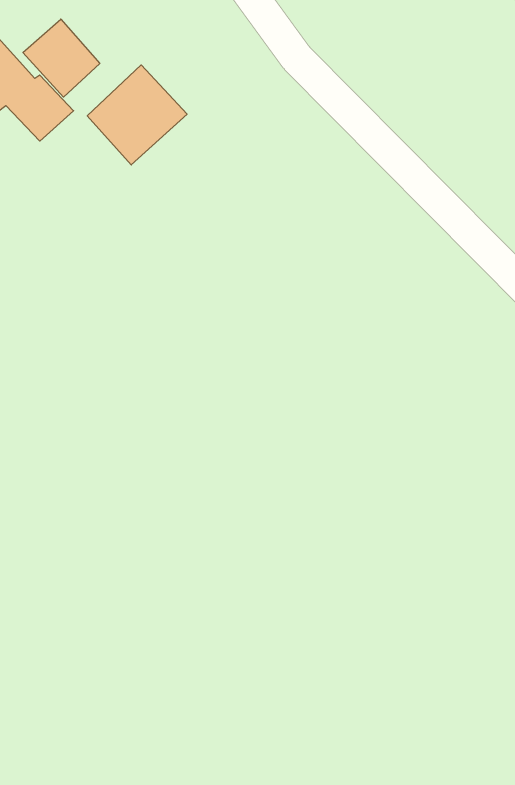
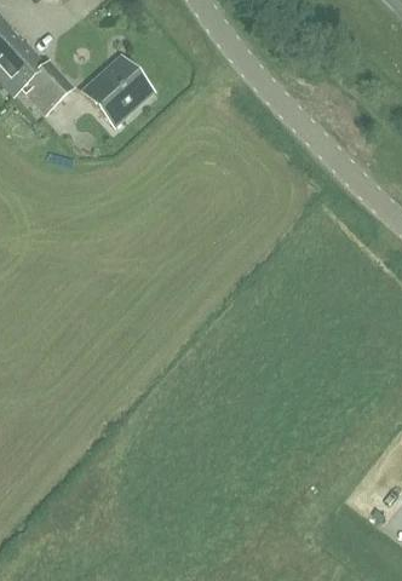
building: [23,19,100,97] -> none

